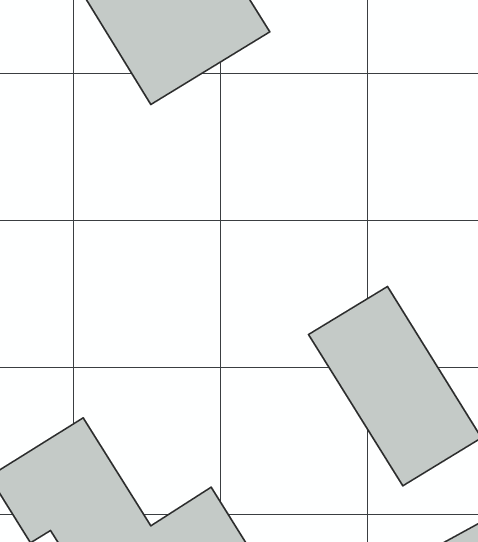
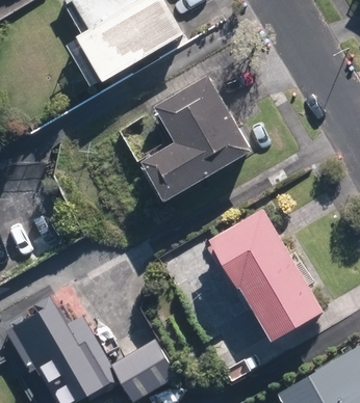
building: none -> [136,65,253,203]

